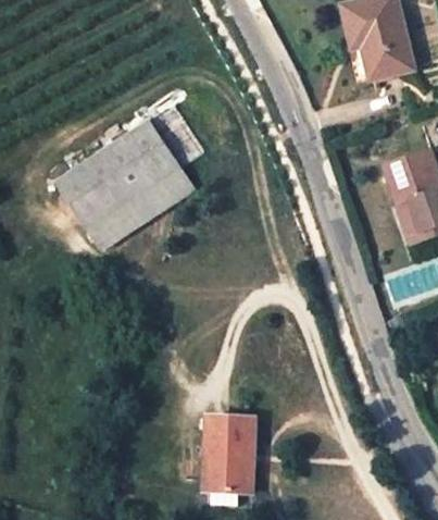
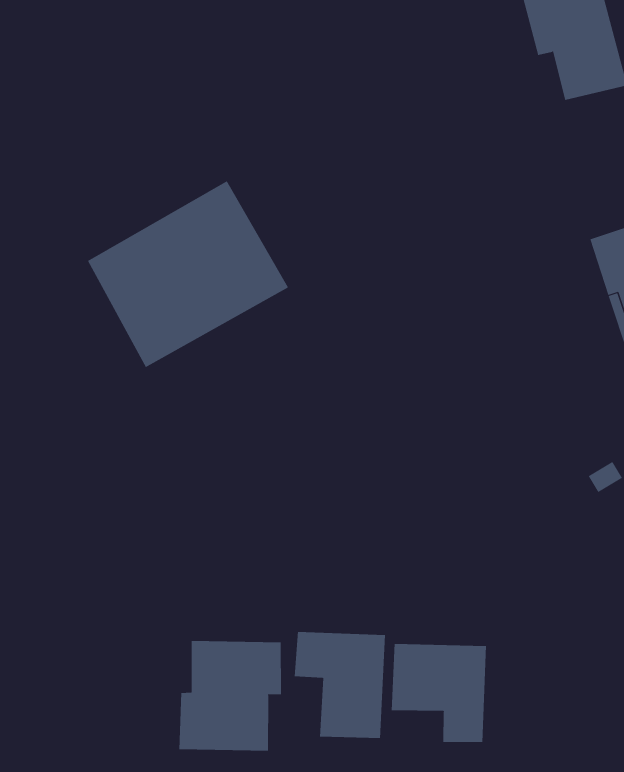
building: none -> [179,640,282,751]
building: none -> [391,643,487,743]

